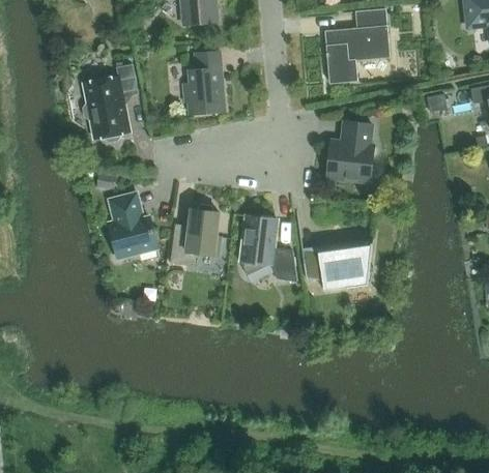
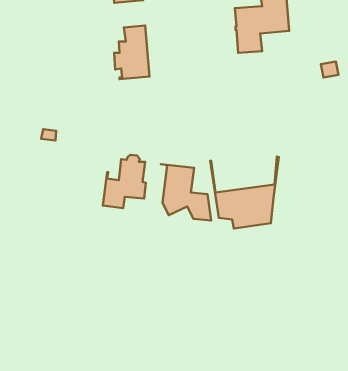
building: [83,64,139,142] -> none
building: [326,121,375,181] -> none
building: [109,194,161,258] -> none

